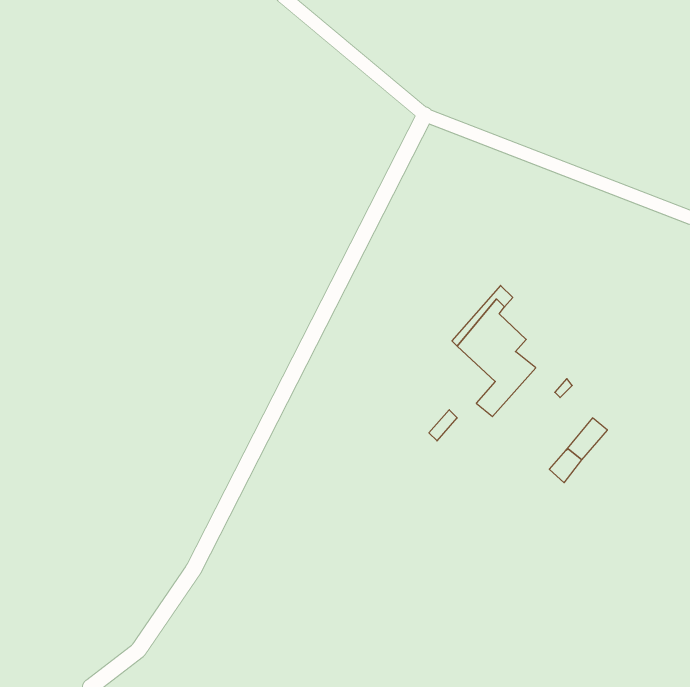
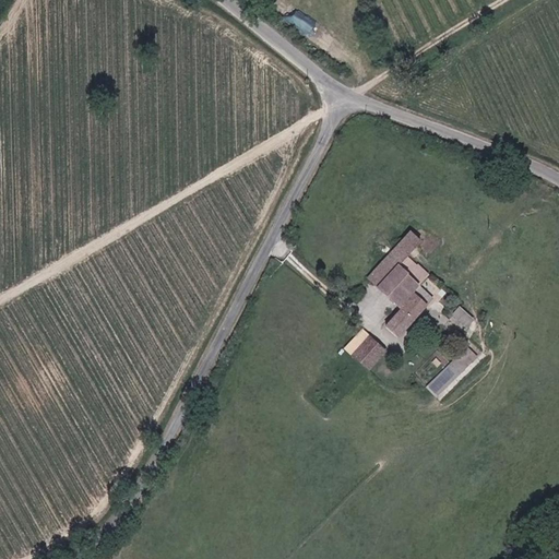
building: none -> [354,337,385,370]

